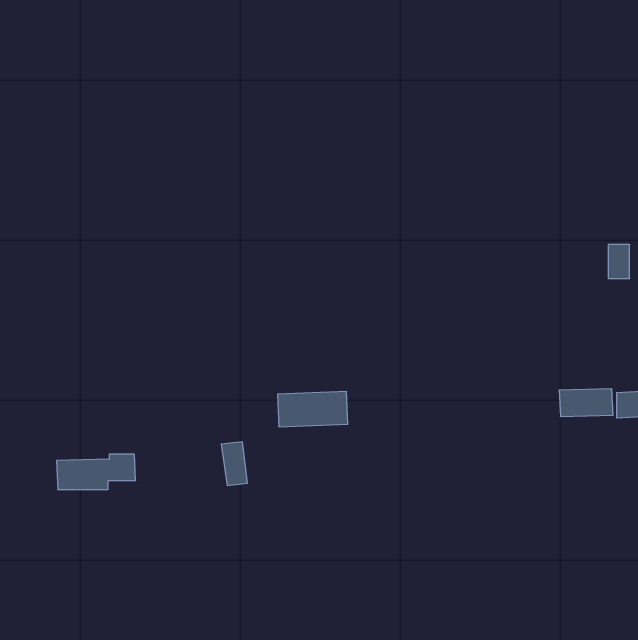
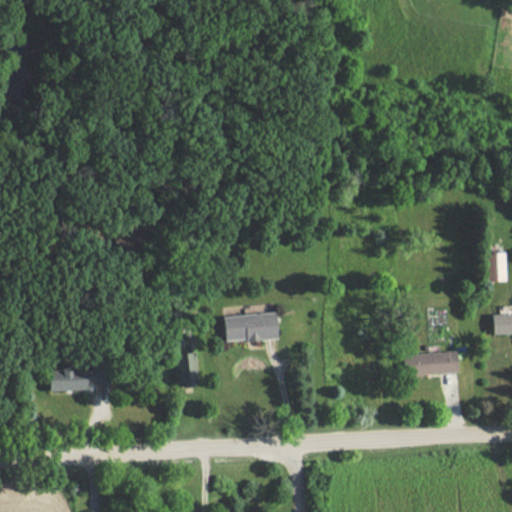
building: [608,245,630,279] -> [490,254,507,281]
building: [559,389,613,417] -> [418,352,461,374]

